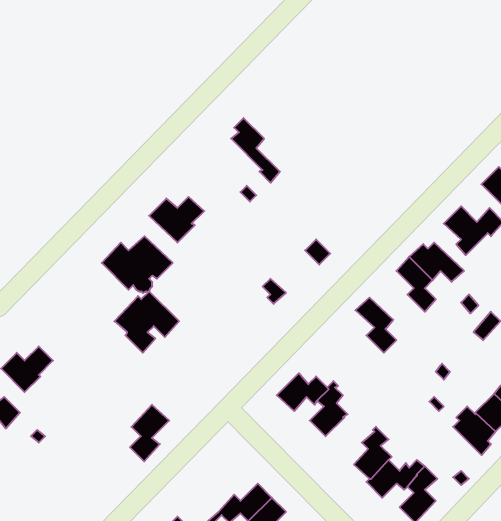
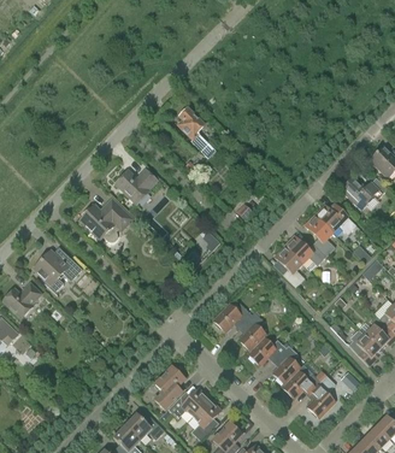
building: none -> [284,235,326,265]
building: [114,291,179,353] -> [33,246,82,293]
building: [130,405,169,461] -> [154,366,184,410]
building: none -> [248,337,289,365]

